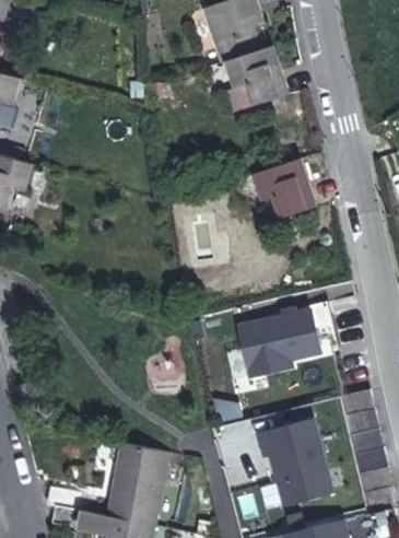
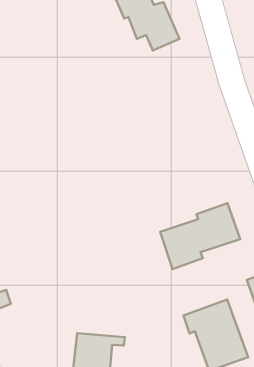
building: [254,159,315,219] -> none

